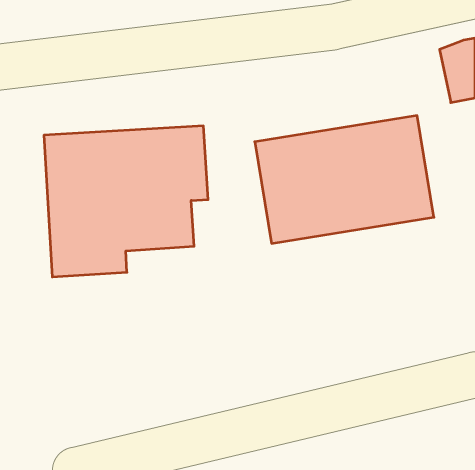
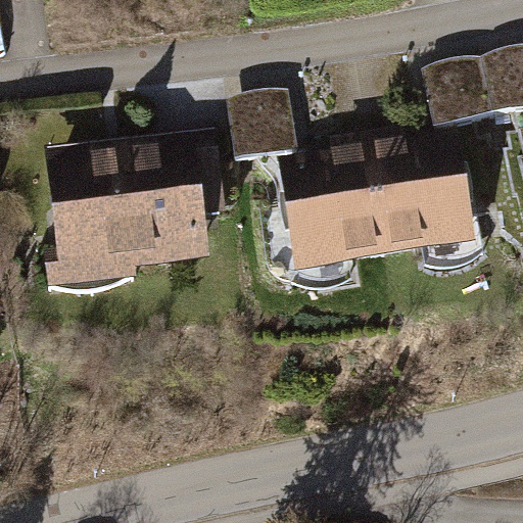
building: none -> [422,54,490,125]
building: none -> [228,89,295,158]

